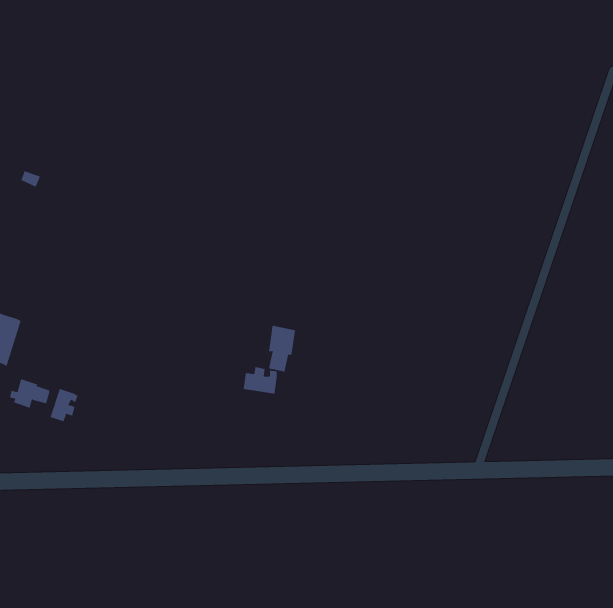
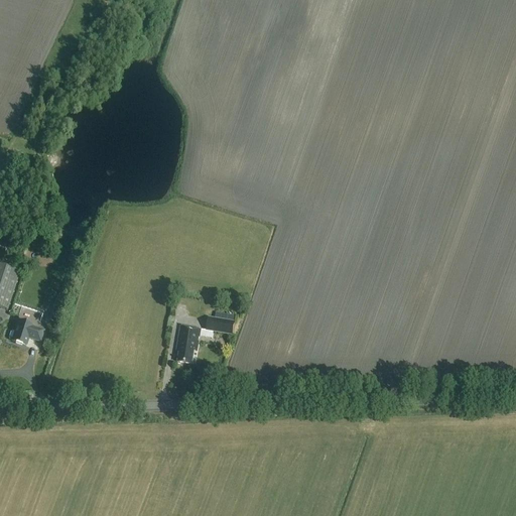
building: [268,325,296,372] -> [176,322,200,362]
building: [50,388,78,422] -> none

